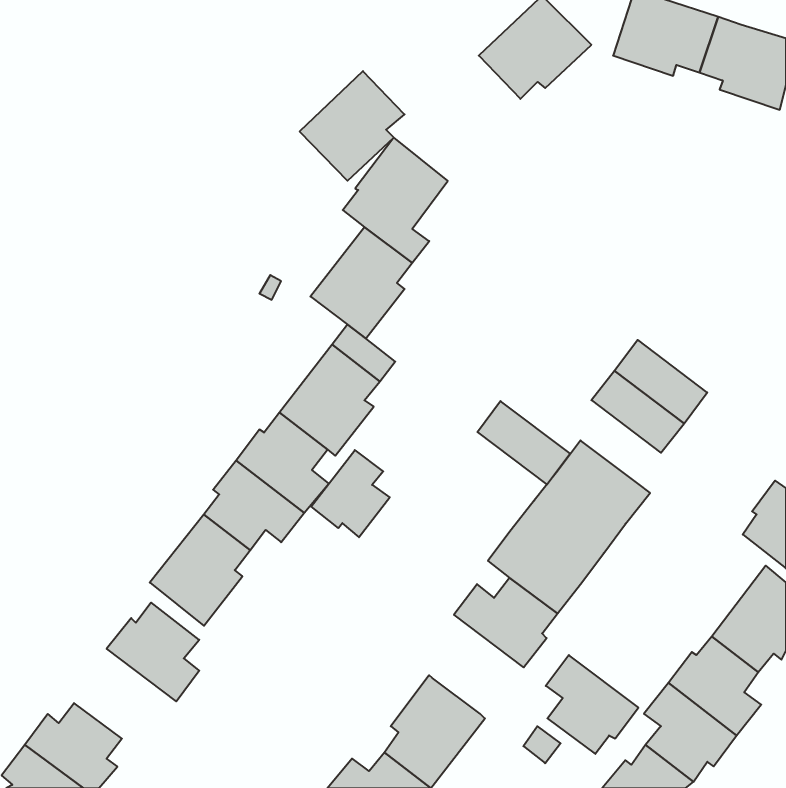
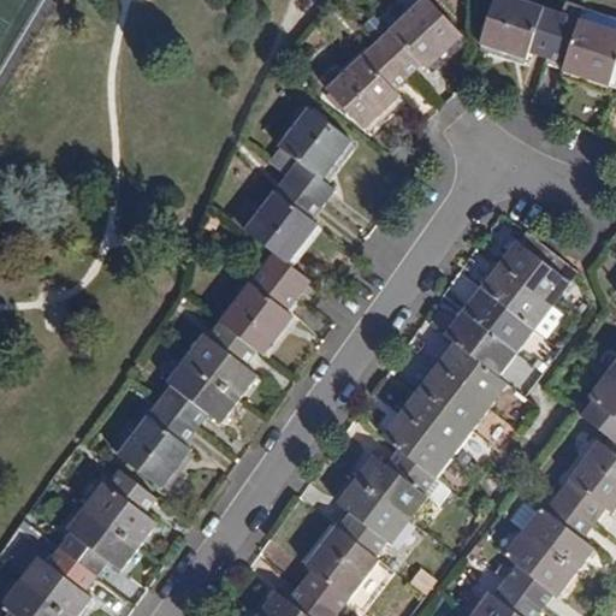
building: [300,71,405,181] -> [324,43,405,129]
building: none -> [497,236,569,306]
building: [477,401,570,485] -> [443,312,515,377]
building: [311,450,390,537] -> none
building: none -> [58,505,137,575]
building: [546,655,638,754] -> [336,479,408,556]

